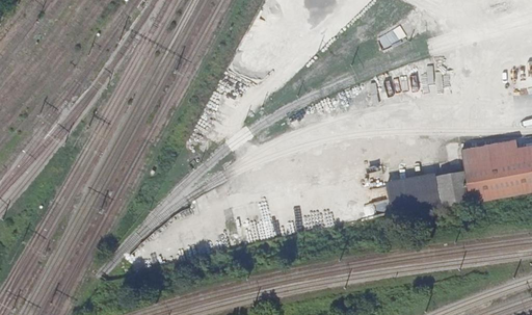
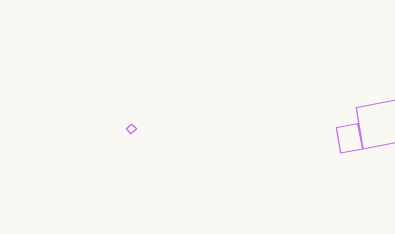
building: [384,175,441,215] -> none

